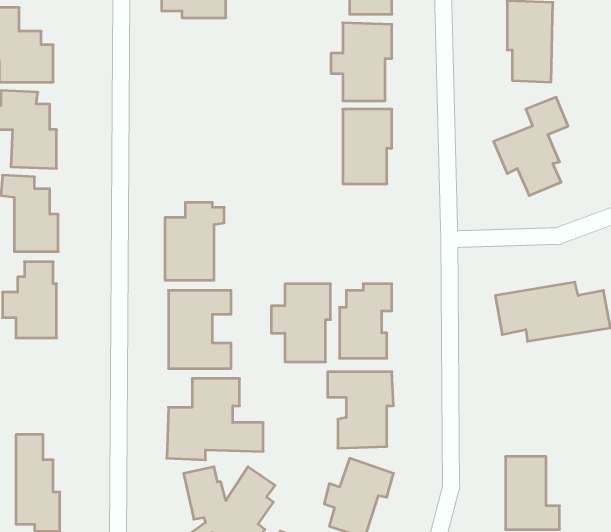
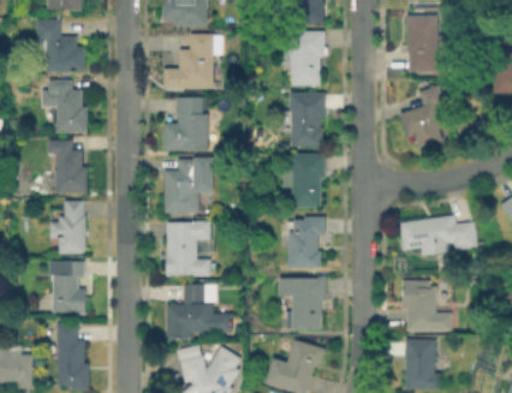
building: none -> [162,32,222,89]
building: none -> [163,96,208,150]
building: [271,284,331,362] -> [282,153,325,208]
building: none -> [52,258,85,314]
building: none -> [401,280,452,331]

